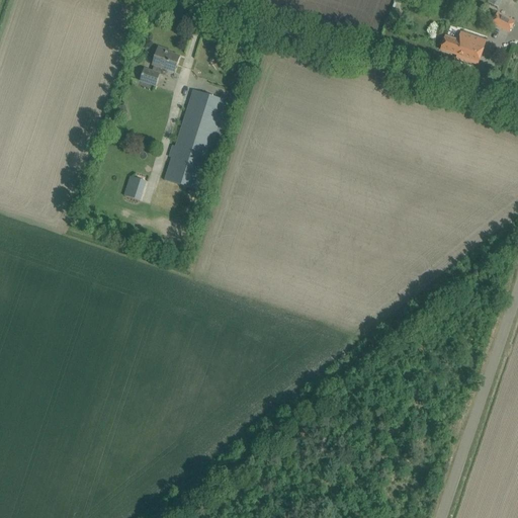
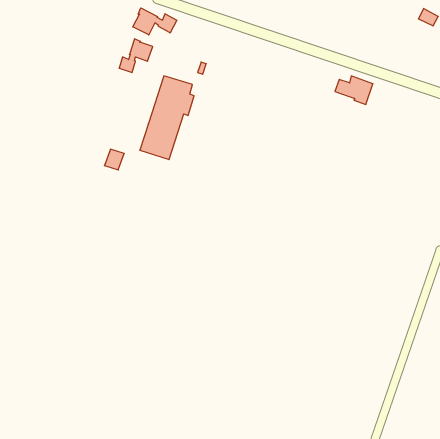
building: none -> [133,8,177,35]
building: [440,29,485,63] -> [335,76,373,104]

